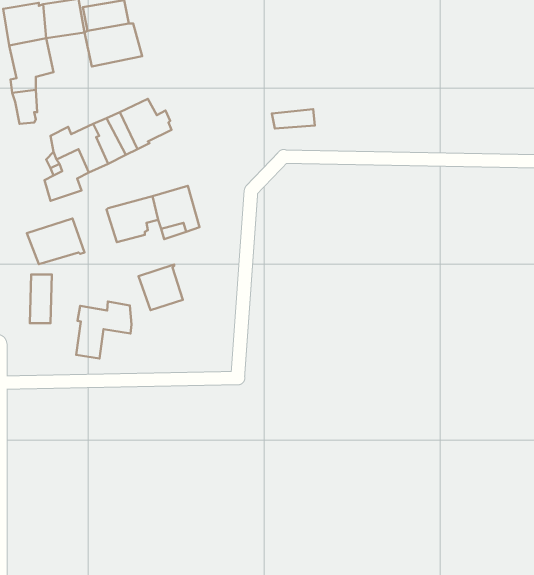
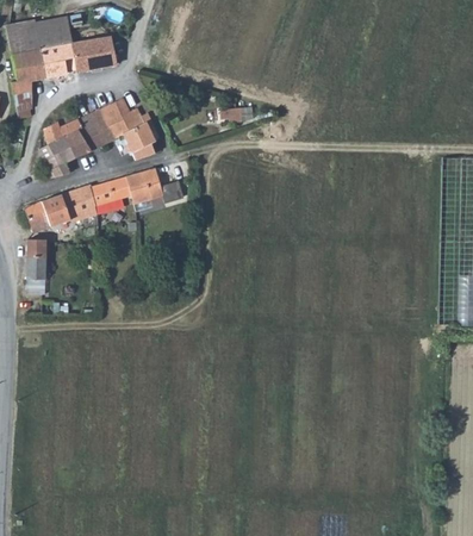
building: none -> [42,44,79,76]
building: none -> [124,112,156,160]
building: [139,264,183,310] -> [63,185,99,222]
building: [76,301,131,358] -> none

